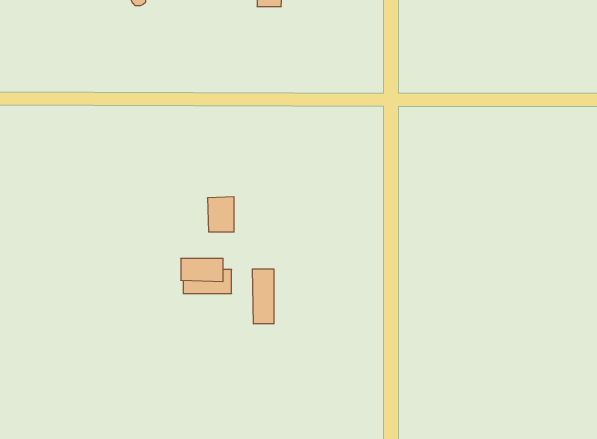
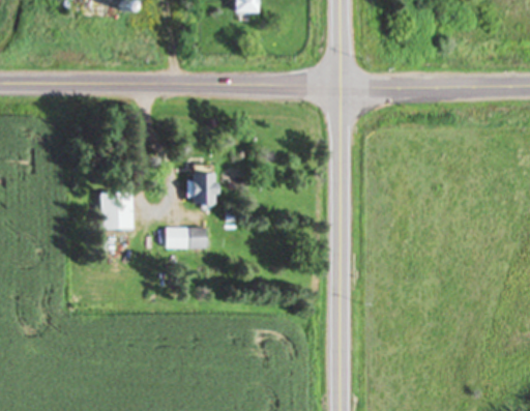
building: none -> [102,192,132,227]
building: [252,269,274,324] -> none

